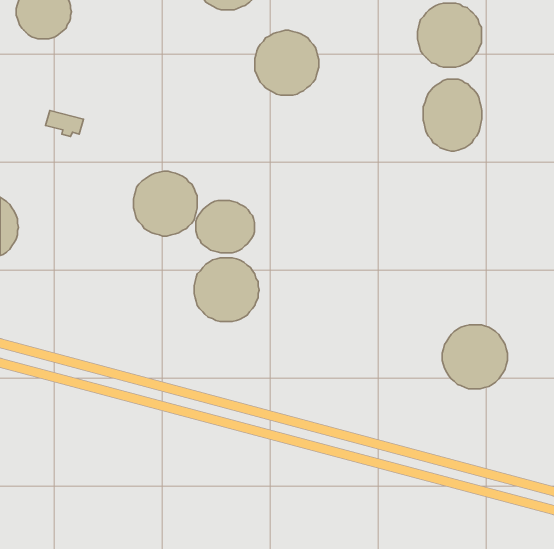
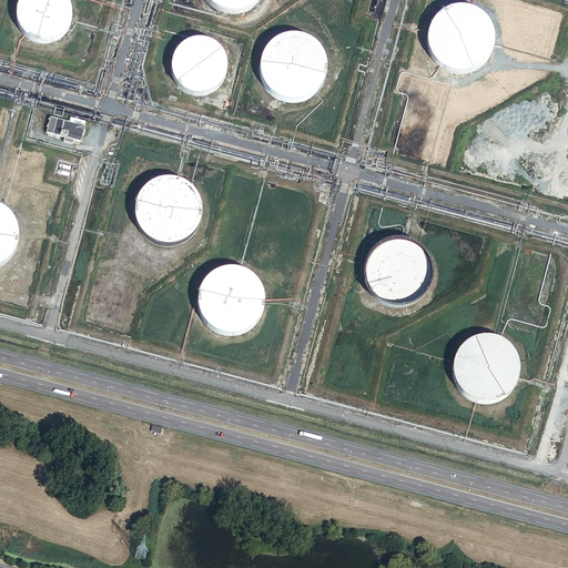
building: none -> [170,36,226,92]
building: [423,79,482,151] -> none
building: [196,200,254,253] -> none
building: none -> [365,235,432,302]

